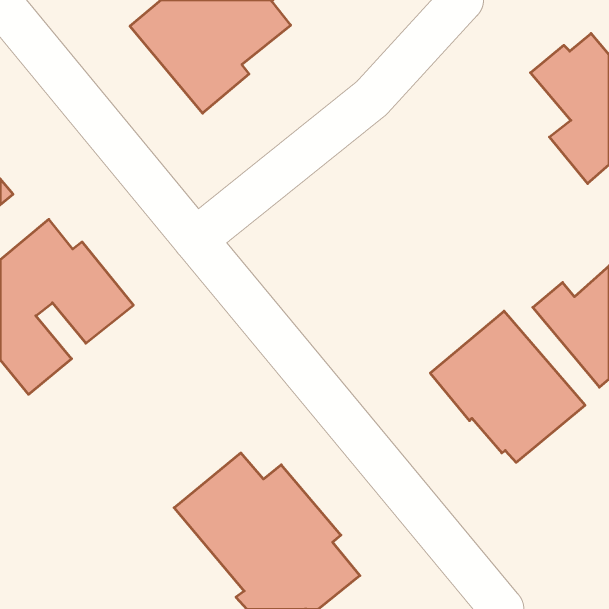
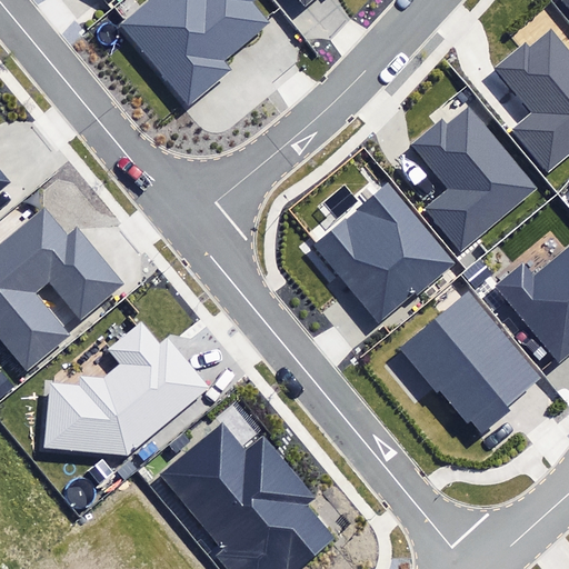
building: none -> [410,107,538,253]
building: none -> [312,184,453,326]
building: none -> [43,323,210,456]

